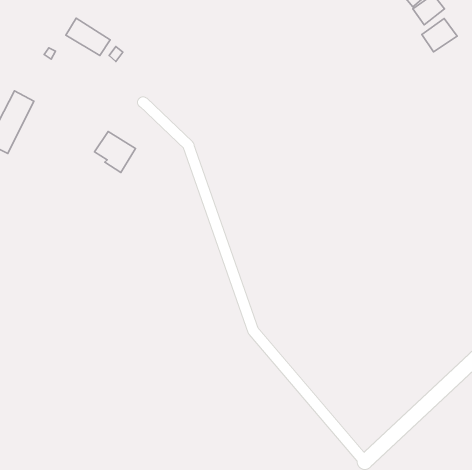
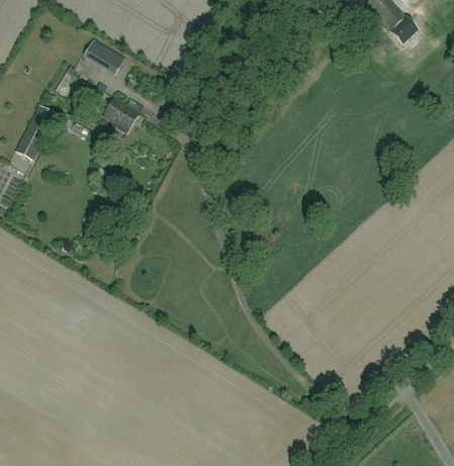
building: [422,18,457,52] -> none
building: [95,131,136,172] -> [102,97,139,133]

